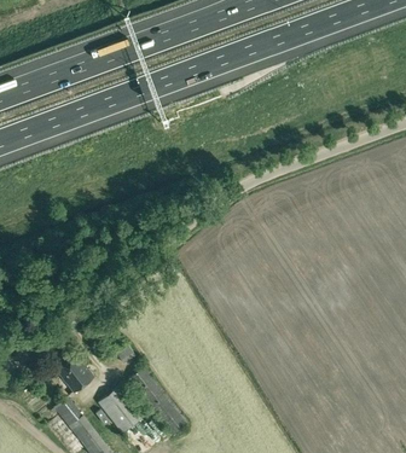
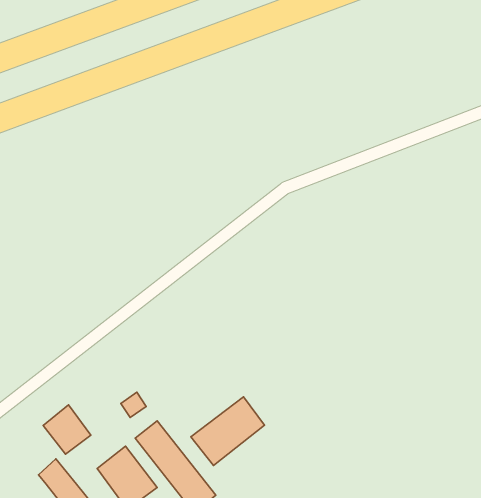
building: none -> [191,397,264,466]

